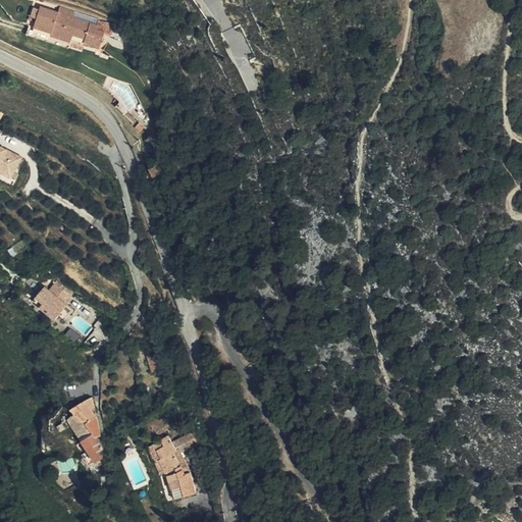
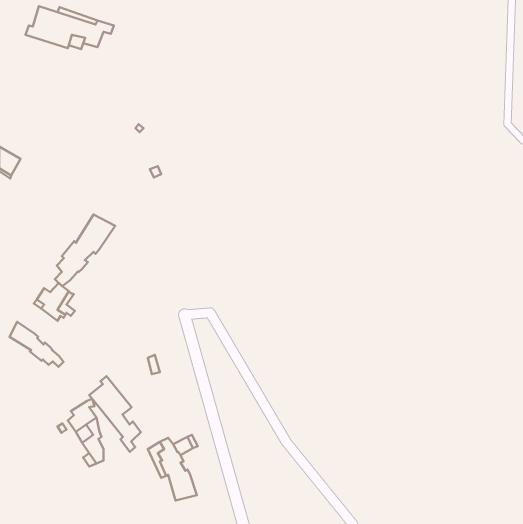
building: none -> [55,214,115,286]
building: none -> [10,322,63,367]
building: none -> [89,376,141,452]

